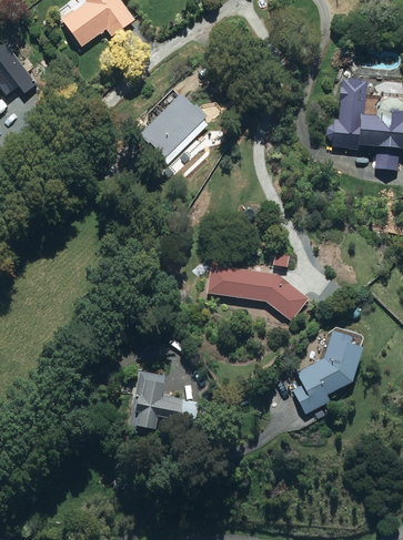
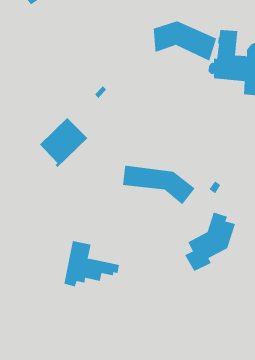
building: none -> [153,21,217,61]
building: [141,94,209,164] -> [39,117,88,168]

